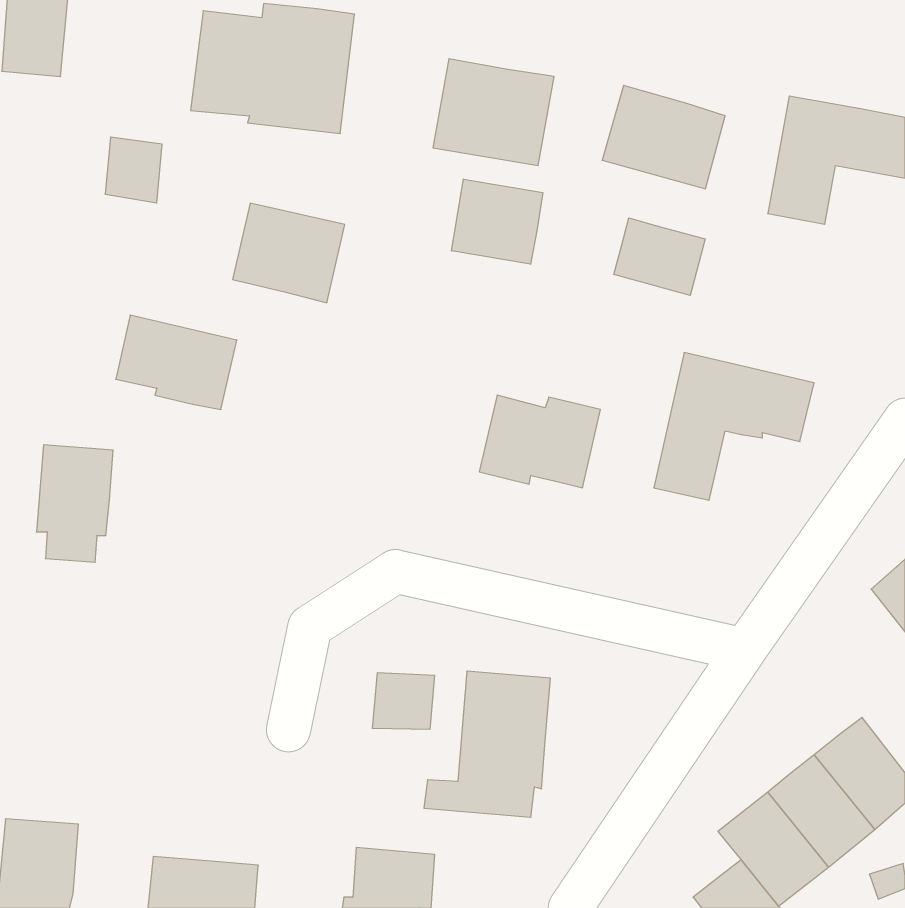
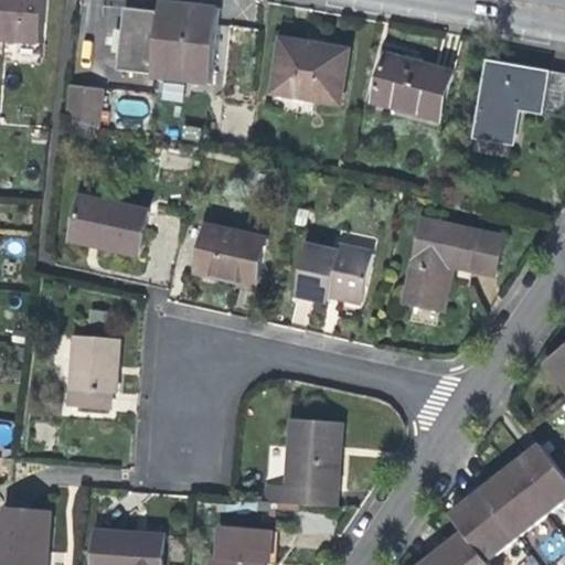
building: [451,179,543,264] -> none
building: [233,203,345,303] -> [196,223,266,285]
building: [614,218,705,295] -> none
building: [36,445,113,562] -> [70,330,117,403]
building: [372,673,434,729] -> none

